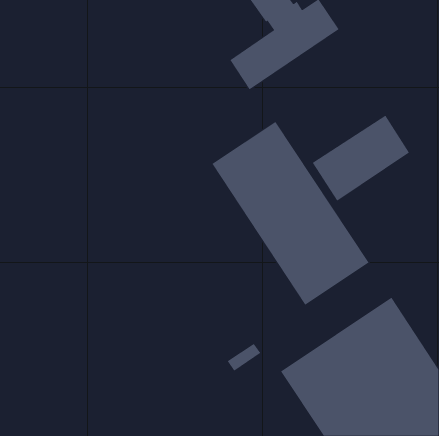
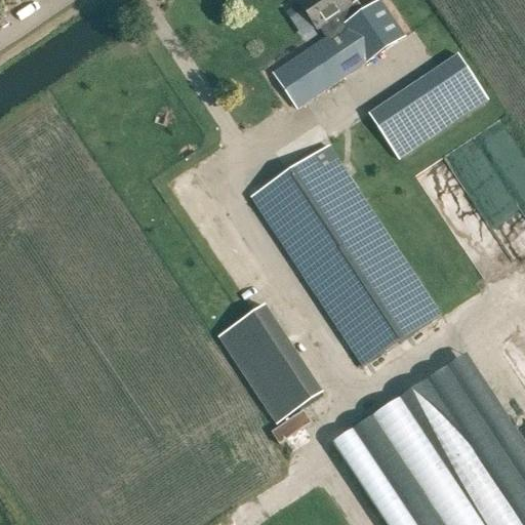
building: [312,115,410,201] -> [371,54,488,158]
building: none -> [214,302,318,422]

